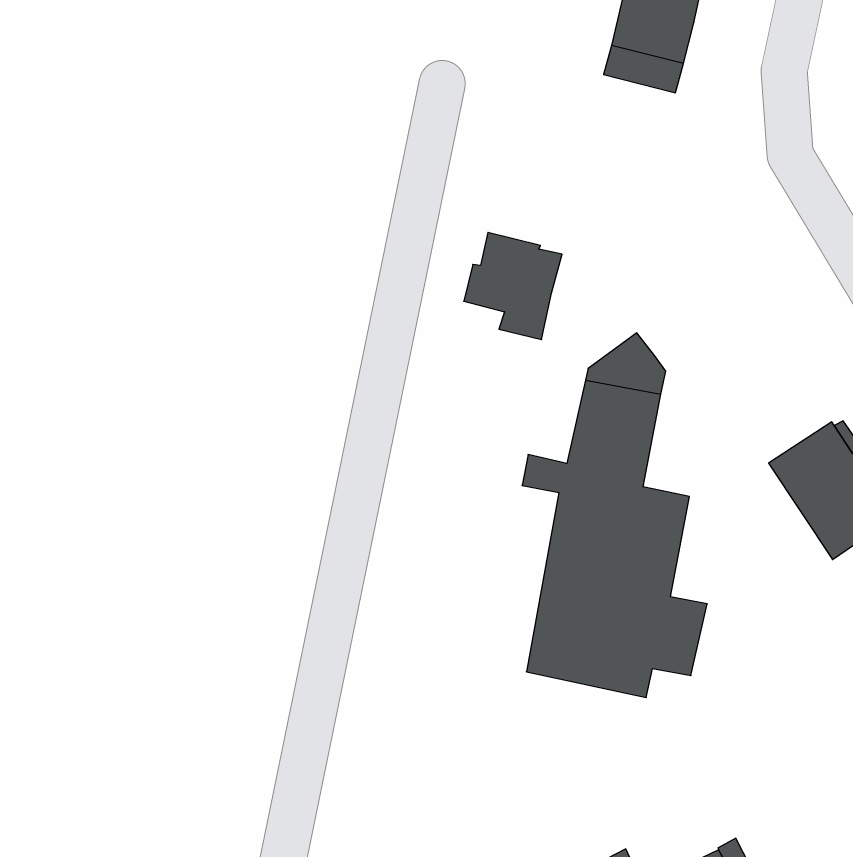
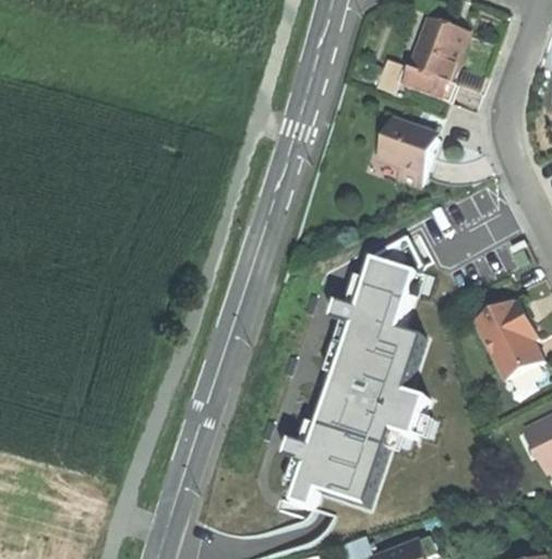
building: [464,232,562,340] -> [375,118,435,183]
building: none -> [283,424,385,508]

